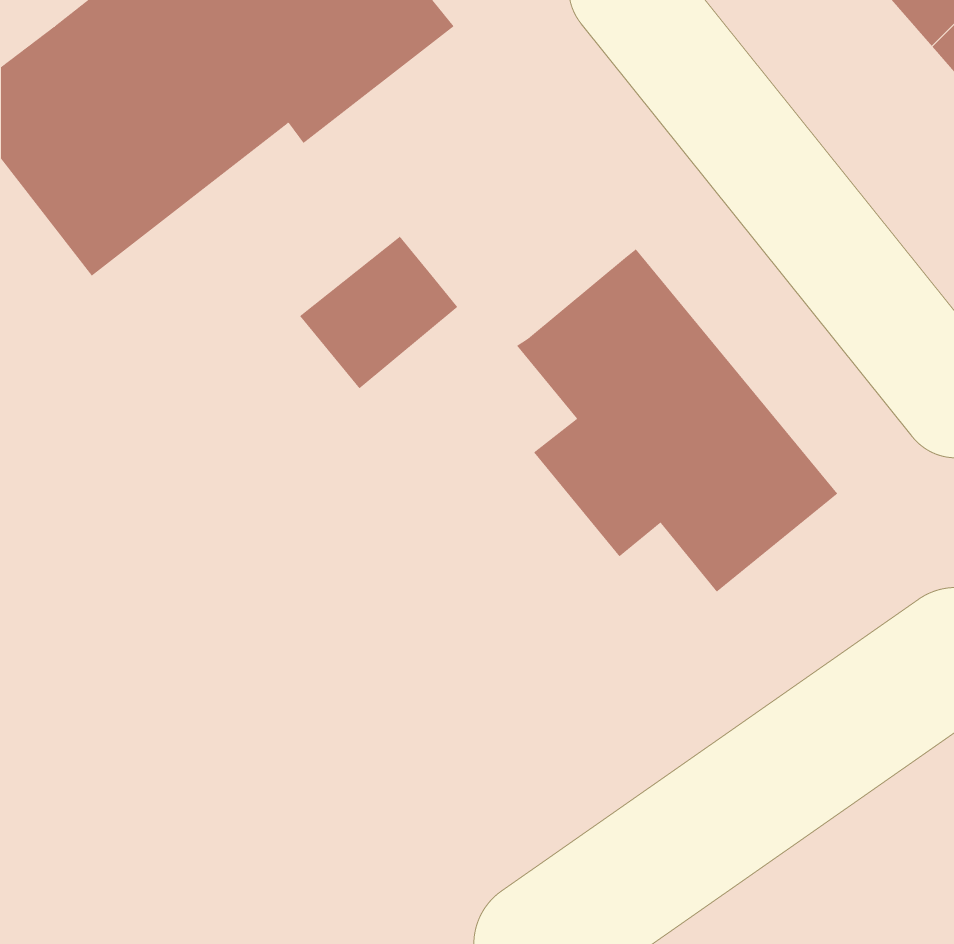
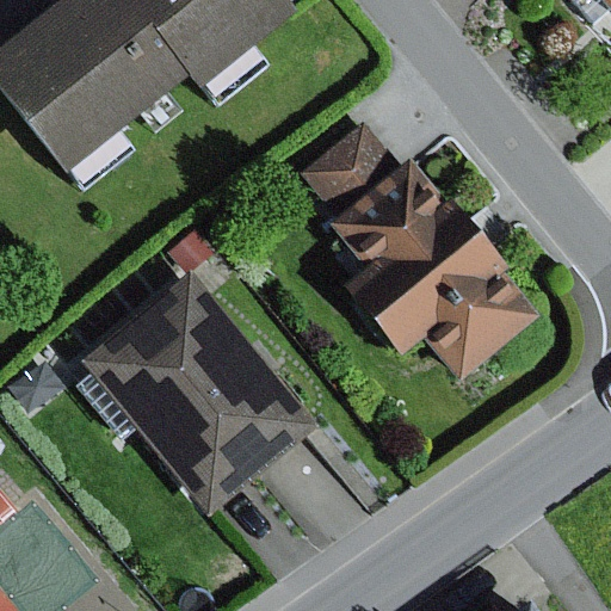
building: [299,236,458,389] -> [300,118,401,216]
building: none -> [79,270,315,514]

